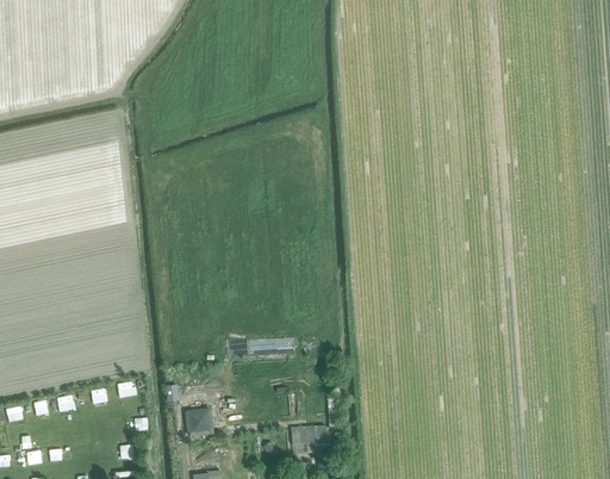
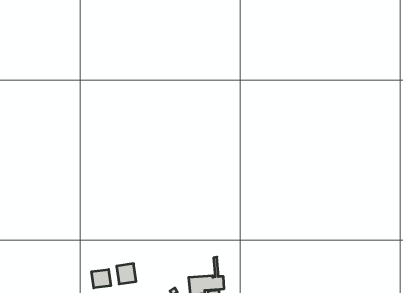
building: none -> [92,269,111,288]

